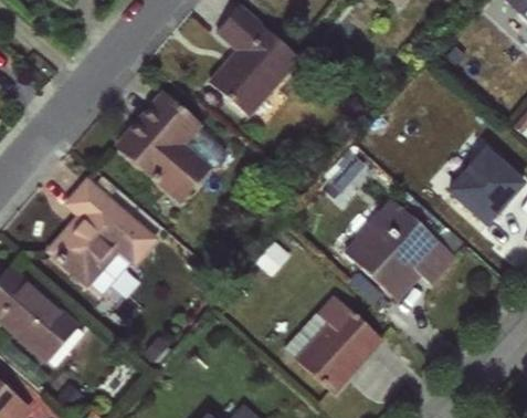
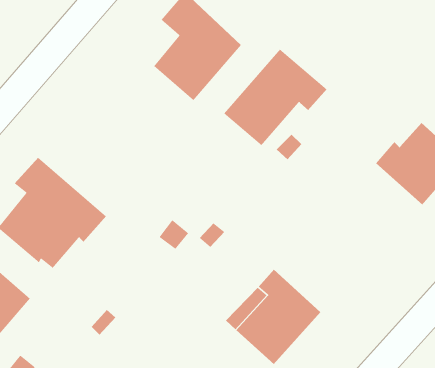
building: none -> [223,48,328,146]
building: [113,90,211,203] -> none
building: [342,197,457,301] -> none

